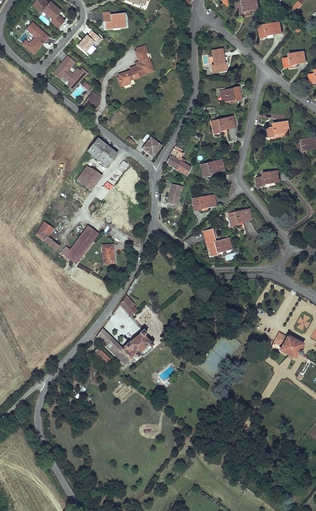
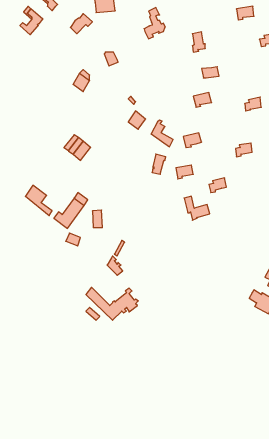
building: [129,44,152,78] -> [144,8,165,39]
building: [55,56,88,89] -> none
building: [87,137,117,166] -> none

